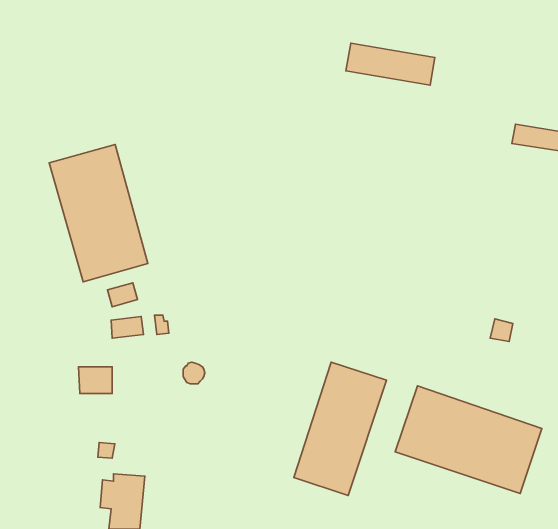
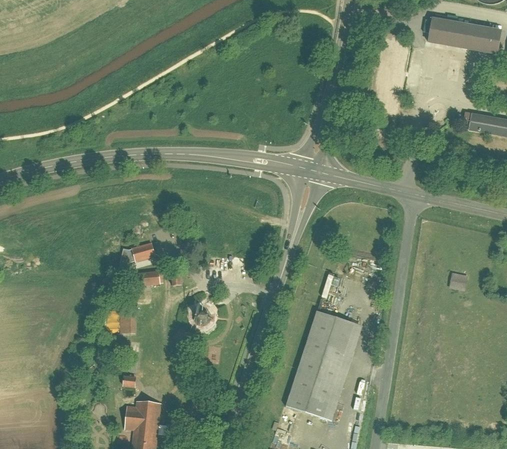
building: [346,43,435,85] -> [426,17,500,52]
building: [49,144,148,282] -> none
building: [395,386,542,493] -> none

